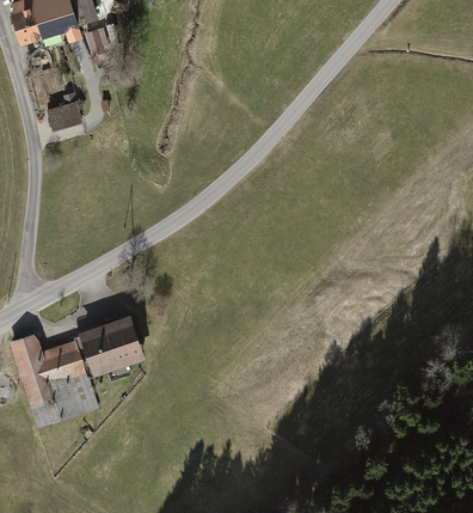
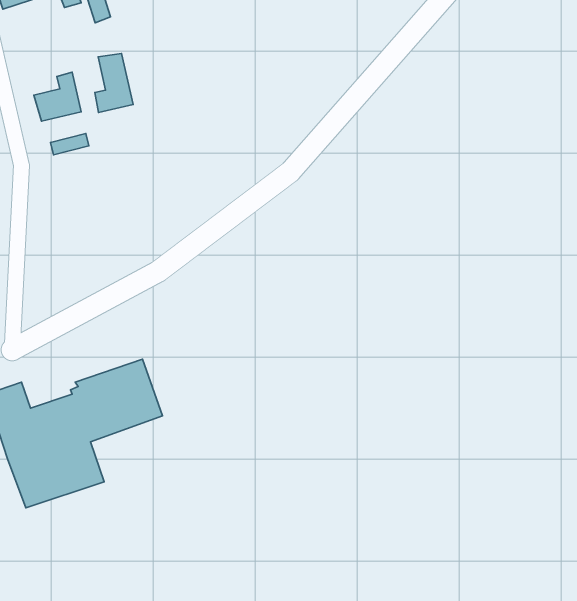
building: none -> [95,53,133,113]

